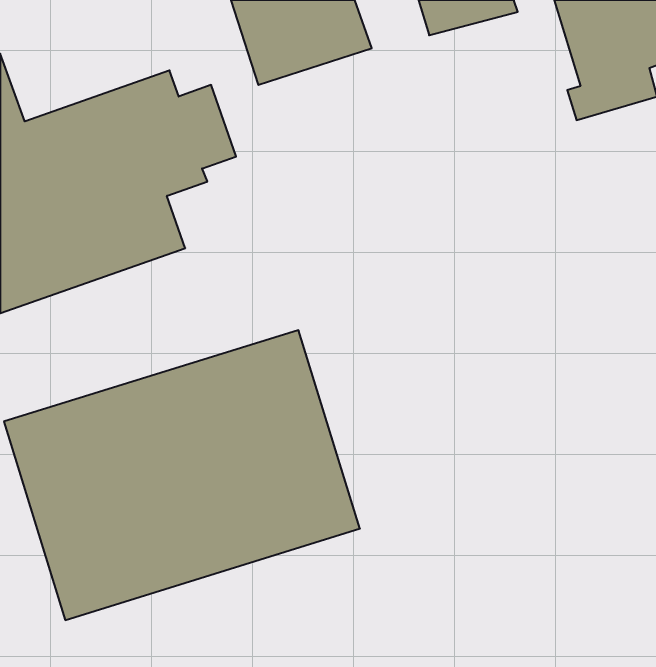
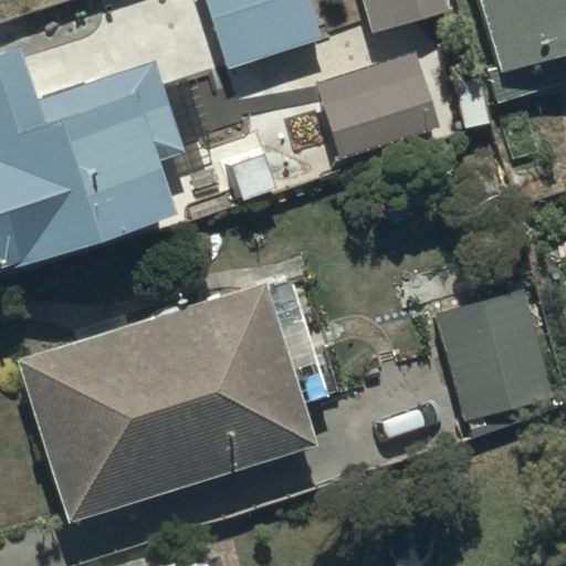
building: none -> [315,54,438,158]
building: none -> [438,291,556,438]

